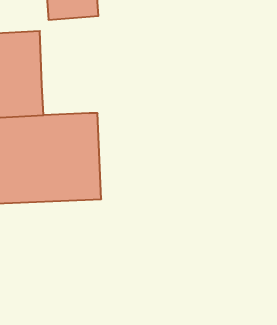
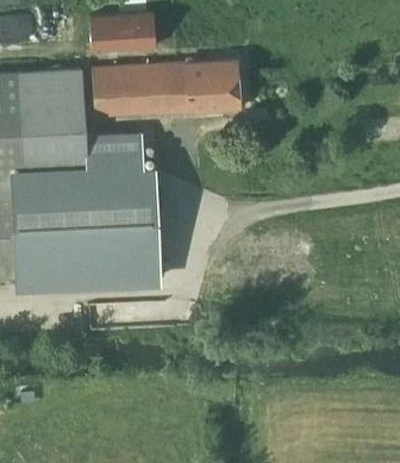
building: none -> [94,61,242,119]
building: none -> [86,133,145,174]

